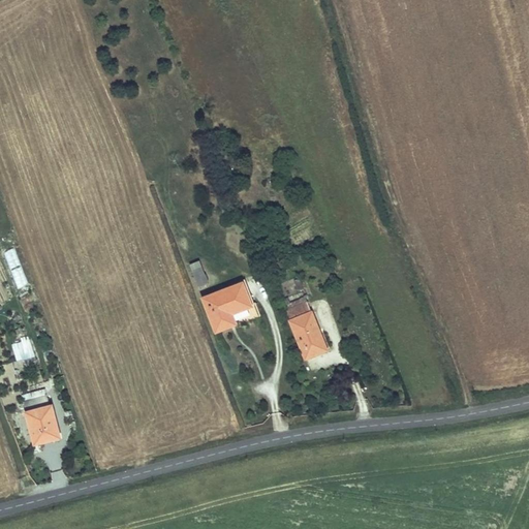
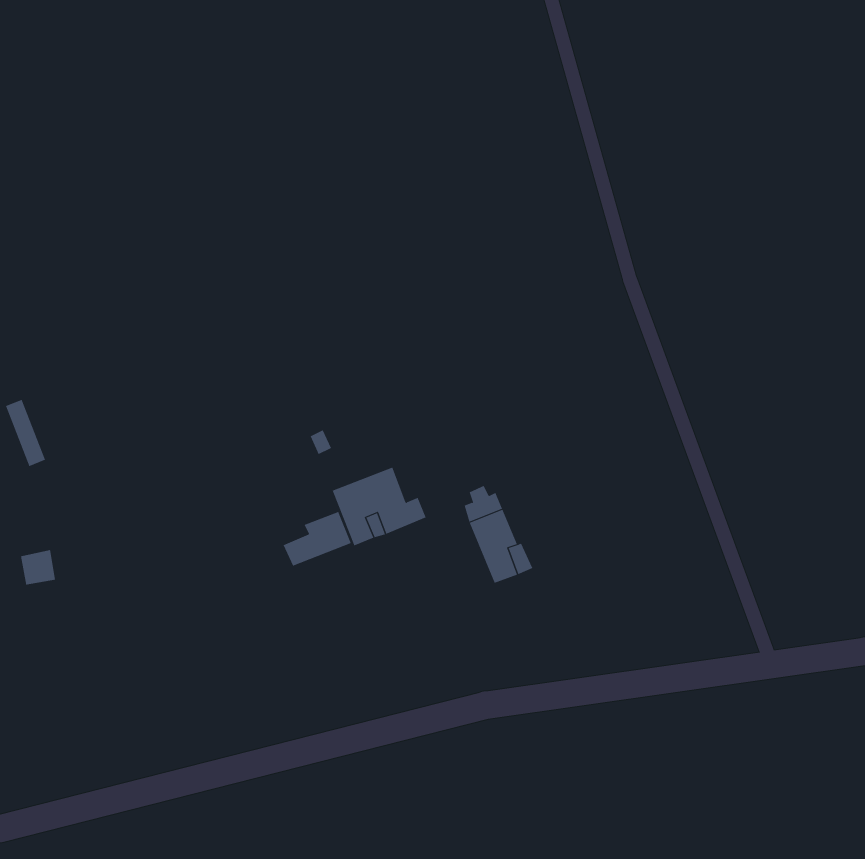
building: none -> [283,511,352,567]
building: [26,384,62,440] -> none

